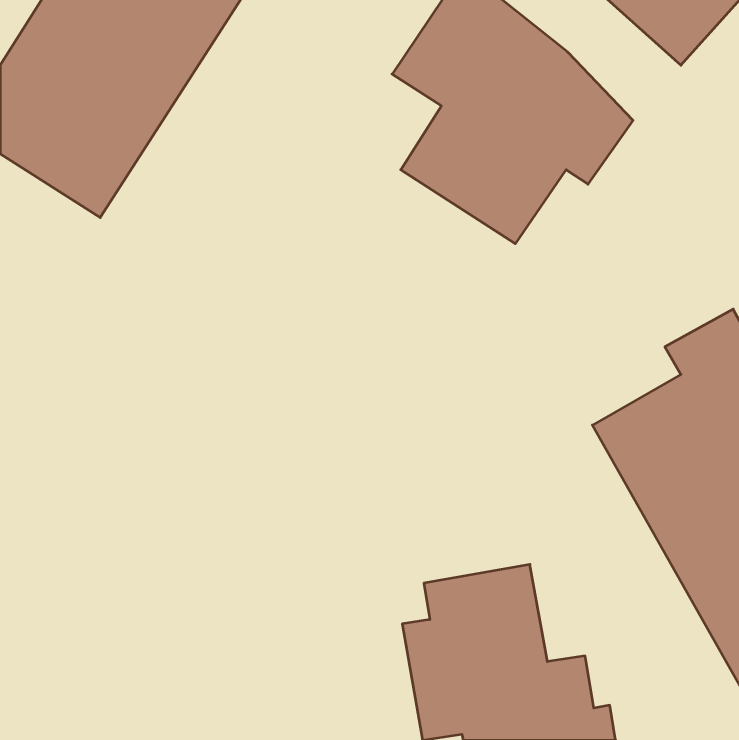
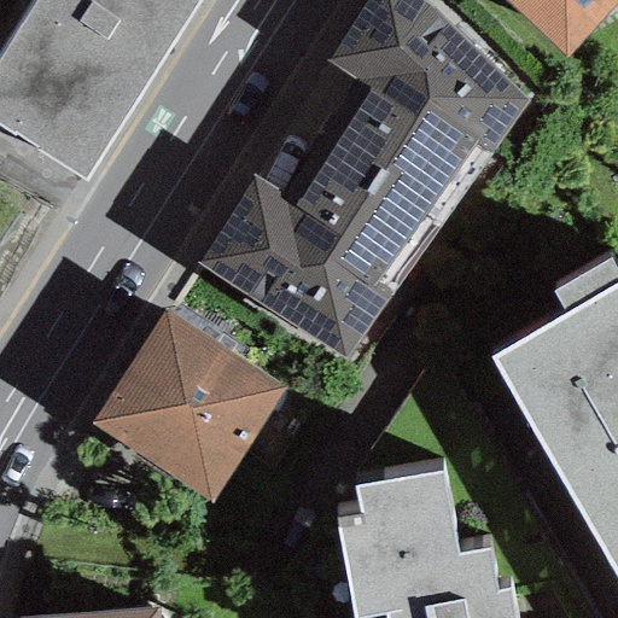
building: none -> [199,141,431,357]
building: none -> [94,310,288,503]

